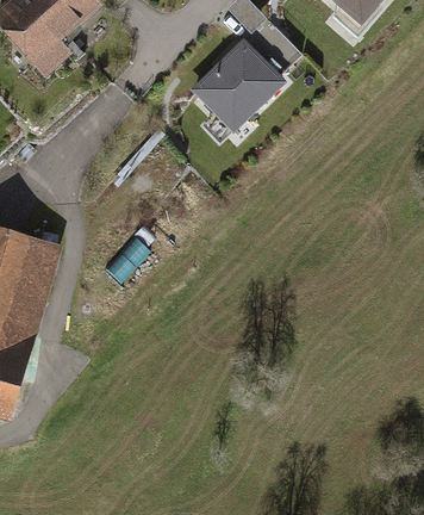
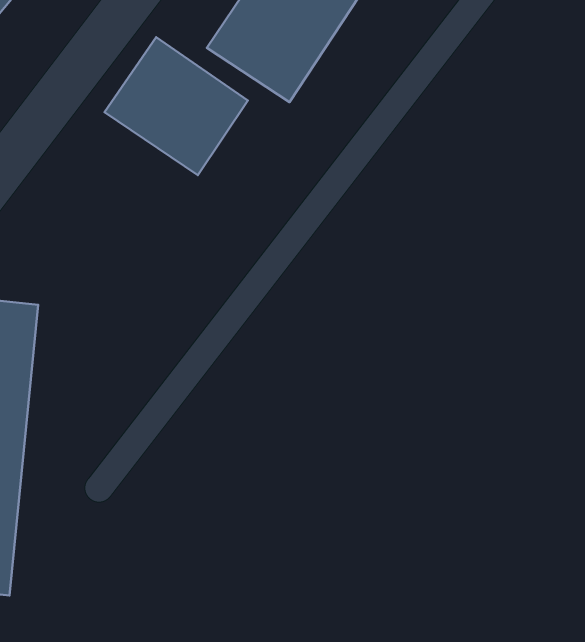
building: none -> [105,37,248,175]

